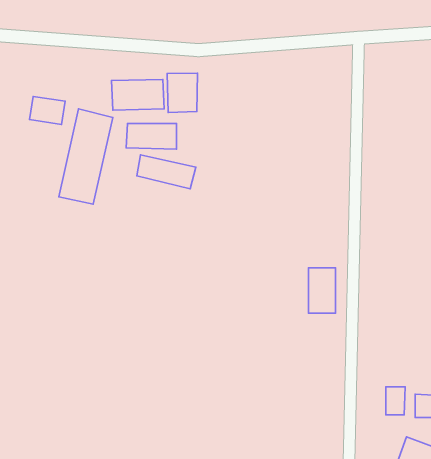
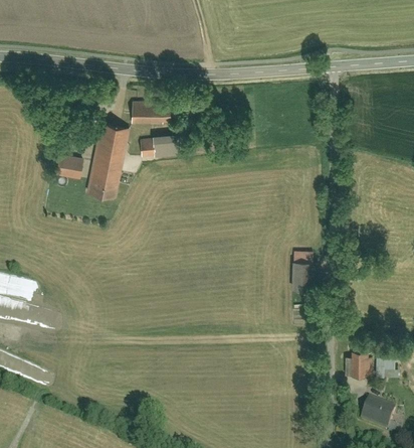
building: [167,73,197,113] -> none
building: [30,96,65,125] -> [54,157,83,180]
building: [137,155,196,189] -> none

